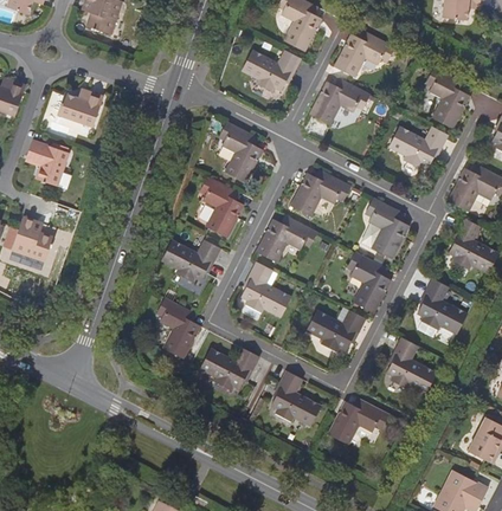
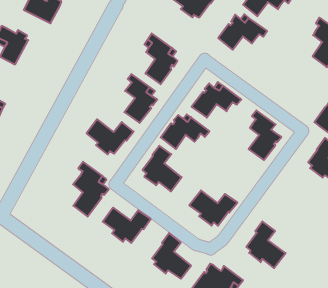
building: [390,125,449,168] -> none
building: [350,251,392,311] -> none
building: [417,278,468,334] -> none

